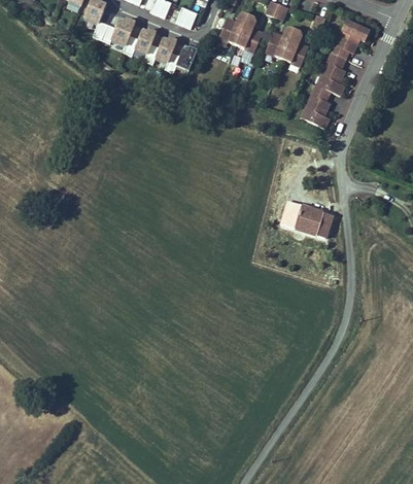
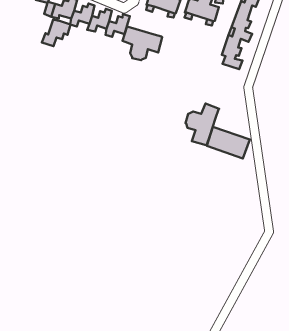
building: none -> [42,19,70,46]
building: none -> [122,26,162,60]
building: none -> [186,104,219,145]

